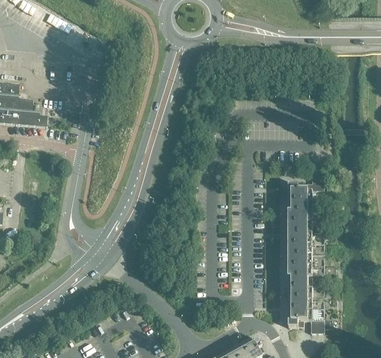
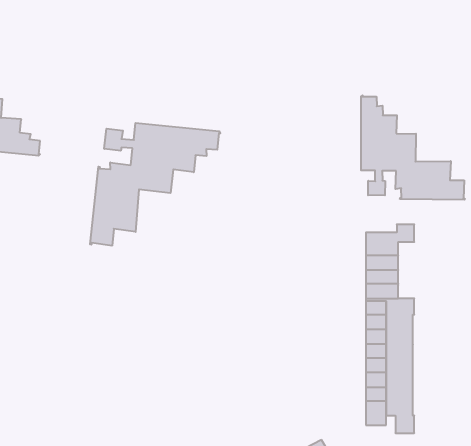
building: none -> [361,95,465,200]
building: none -> [90,123,220,246]

